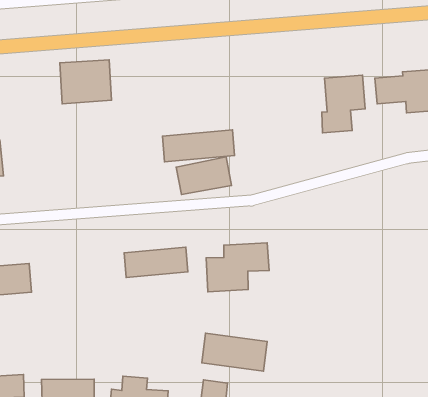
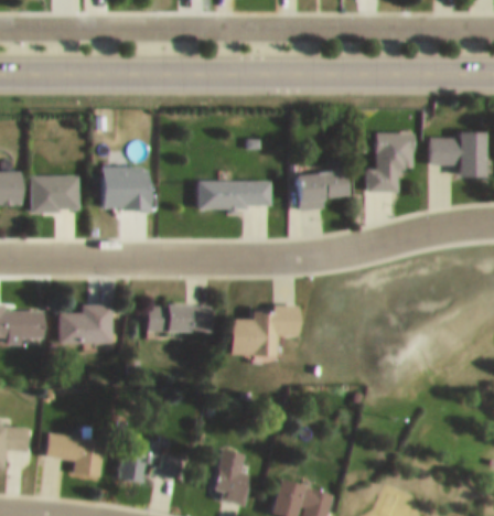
building: [60,60,111,104] -> [97,168,151,212]
building: none -> [30,176,78,213]
building: [176,157,231,194] -> [293,172,351,208]
building: none -> [58,304,111,342]
building: [202,333,267,371] -> none

